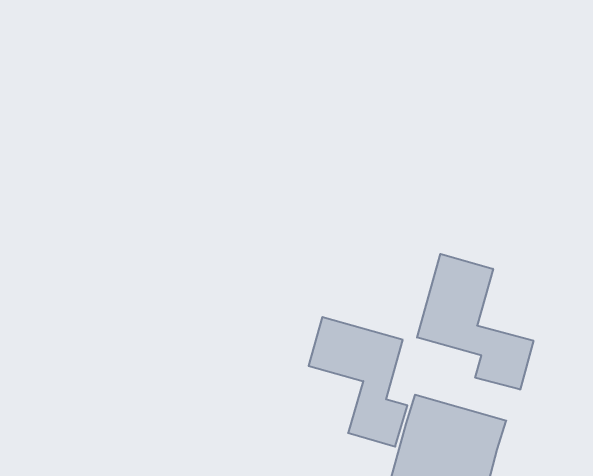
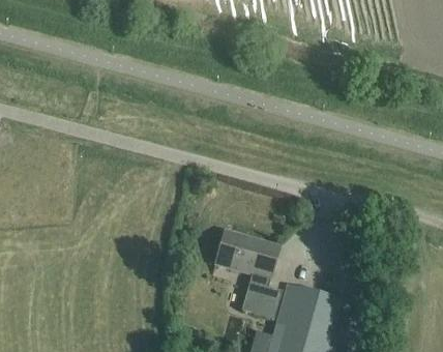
building: [417,254,533,390] -> none

